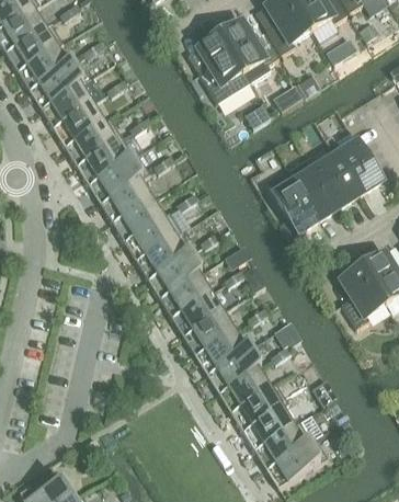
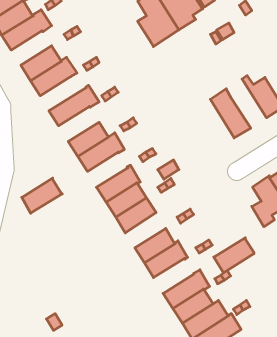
building: [41,82,91,125] -> none
building: [77,135,134,182] -> none
building: [316,142,360,204] -> none
building: [275,168,319,229] -> none
building: [100,176,150,220] -> none
building: [136,233,186,277] -> [22,178,62,213]
building: [183,309,233,353] -> none
building: [218,366,269,410] -> [214,238,254,273]

